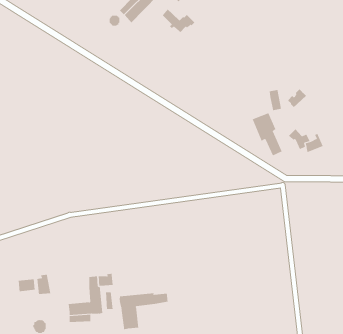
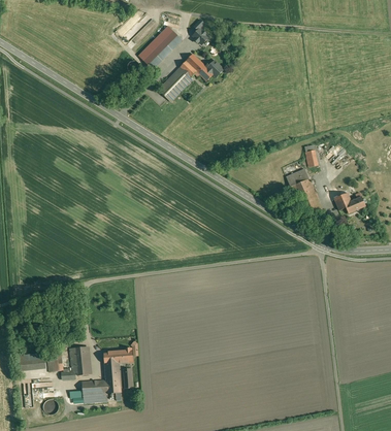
building: none -> [159,61,197,101]
building: none -> [70,346,89,375]
building: [119,292,168,330] -> none

